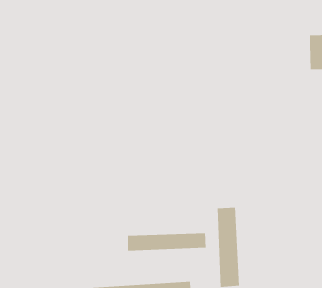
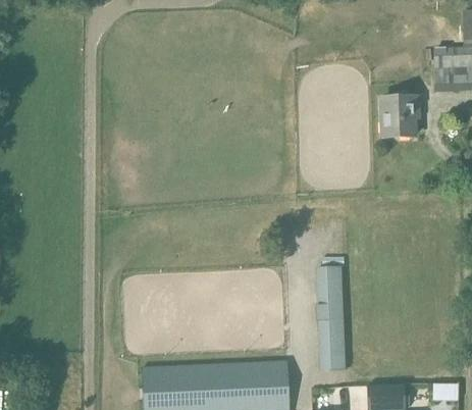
building: none -> [382,97,417,137]
building: [128,232,206,252] -> none

